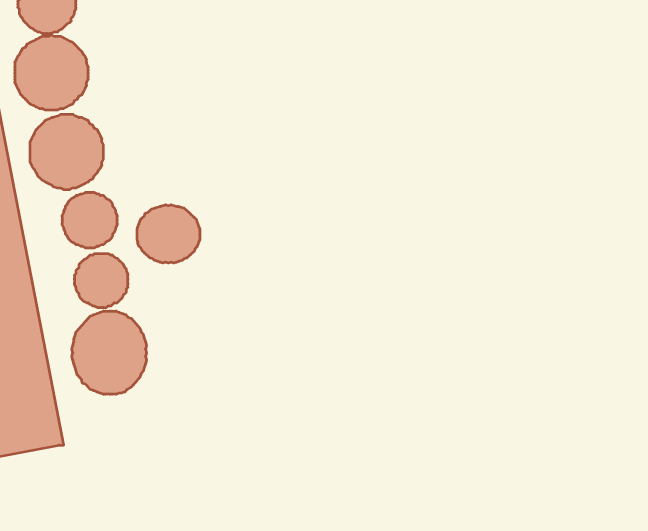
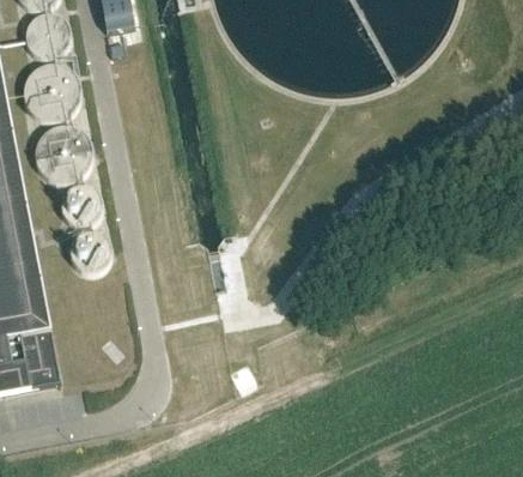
building: [137,205,200,263] -> none
building: [72,311,146,394] -> none

